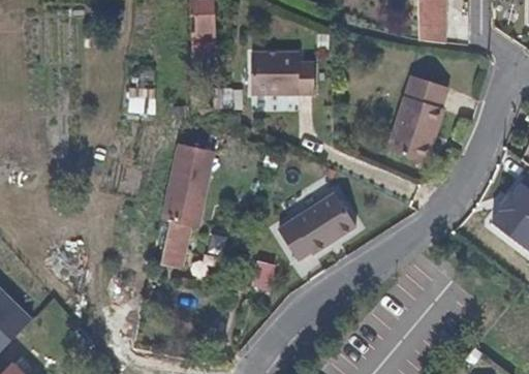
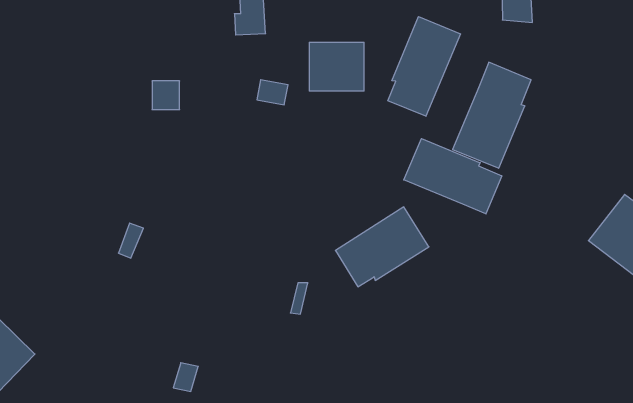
building: none -> [388,17,461,116]
building: none -> [404,139,502,214]
building: [164,147,218,268] -> none

